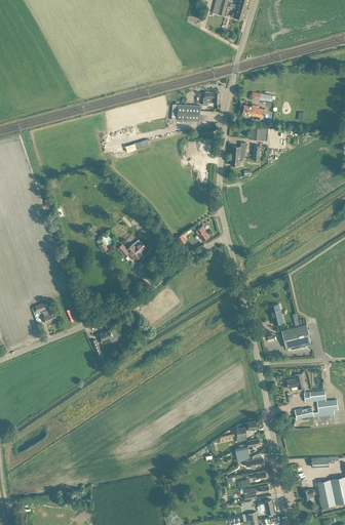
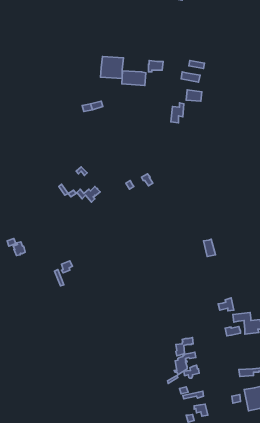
building: none -> [100,57,123,78]
building: [280,324,311,349] -> none

